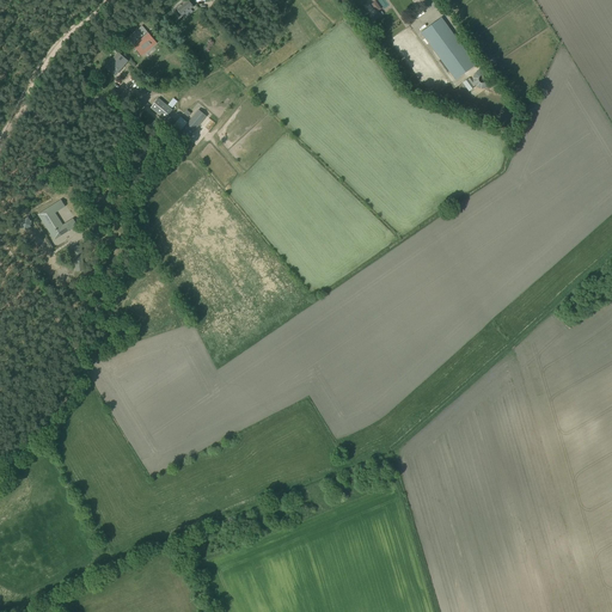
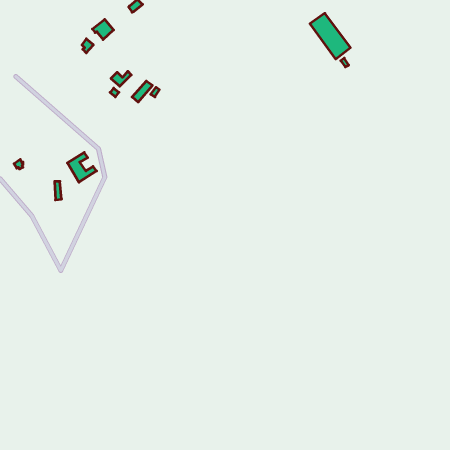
building: [38,200,78,240] -> [67,152,97,182]

